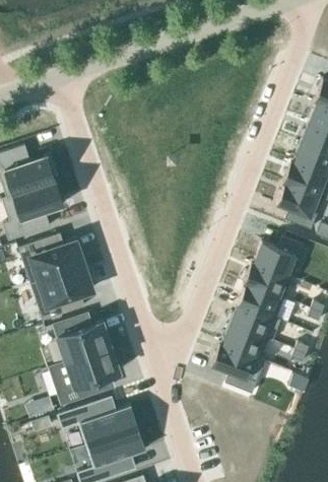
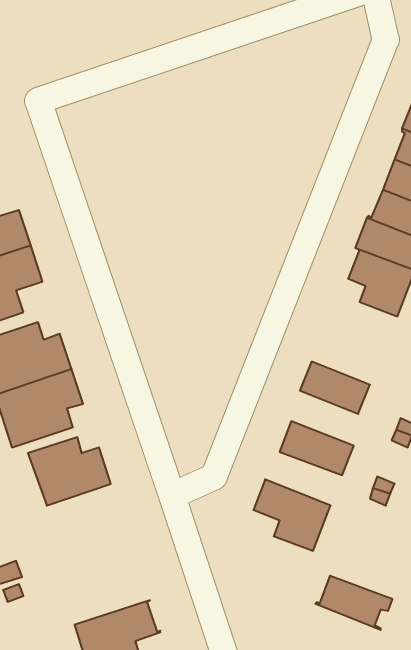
building: [252,236,305,277] -> none
building: [238,281,296,322] -> none
building: [219,324,273,361] -> [315,576,392,630]
building: [50,346,120,404] -> none
building: [57,396,139,444] -> none

